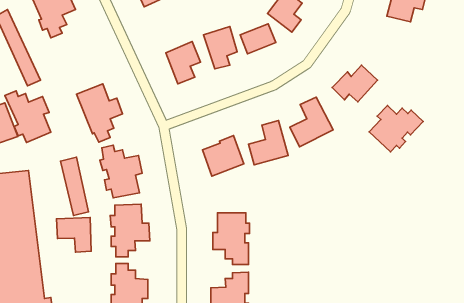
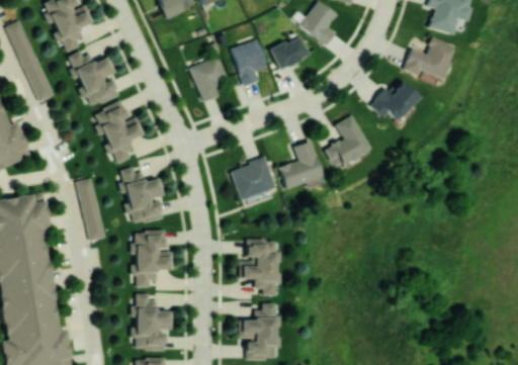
building: none -> [403,36,455,79]
building: [5,91,51,143] -> [69,51,118,106]
building: [369,105,423,152] -> none
building: [57,218,91,252] -> none

